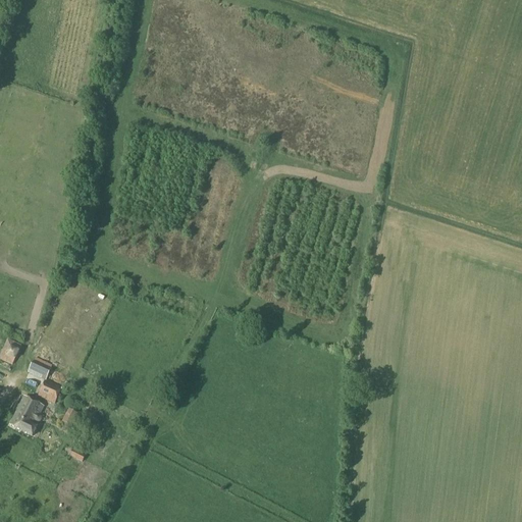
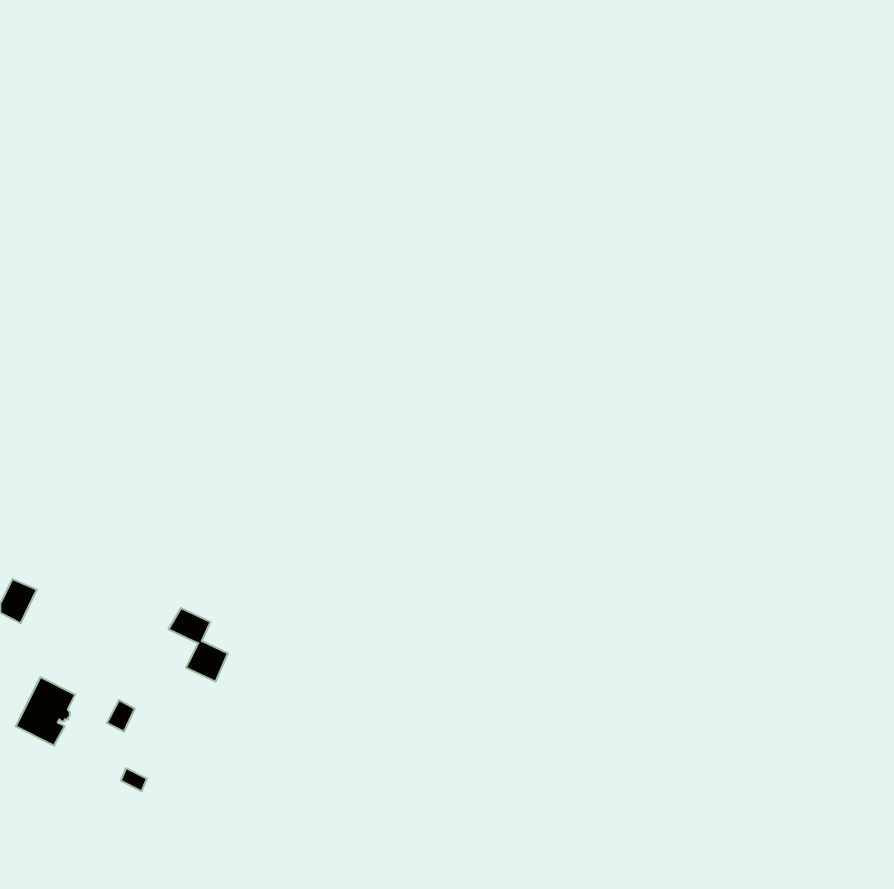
building: [28,359,62,402] -> [168,608,228,682]

